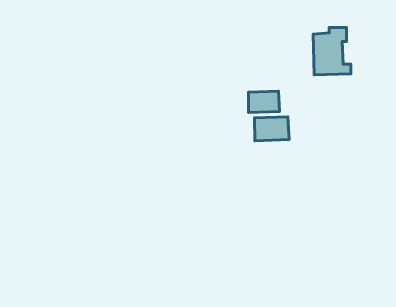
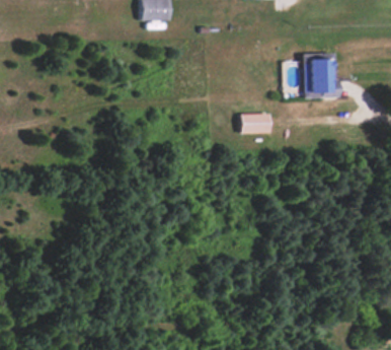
building: [255,117,289,141] -> none

